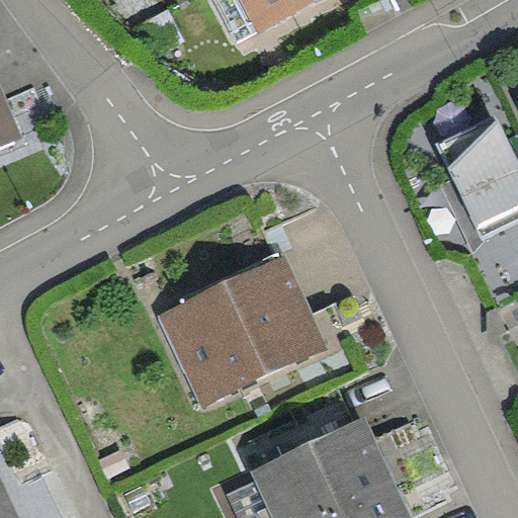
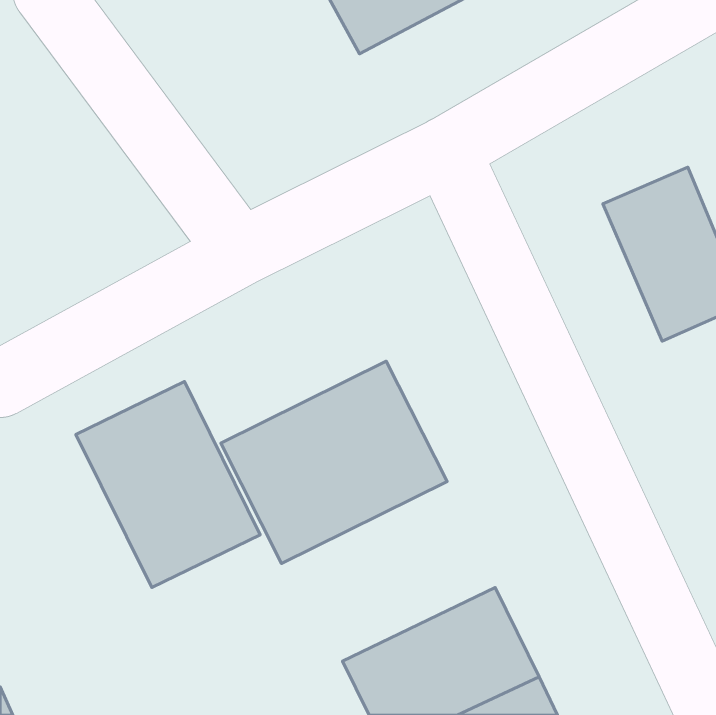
building: none -> [76,382,260,587]

